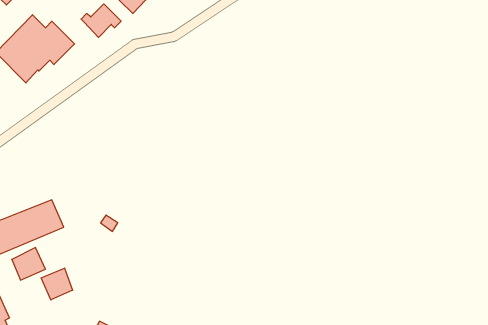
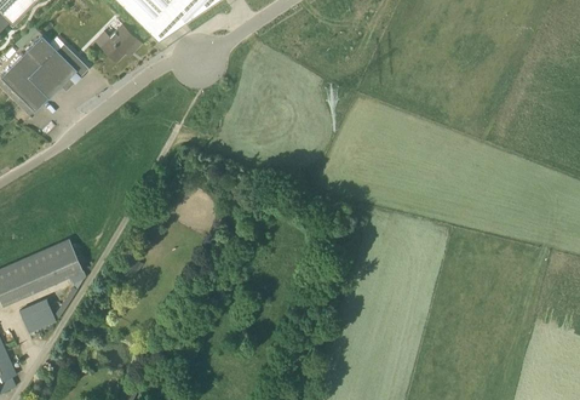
building: [41,268,73,300] -> none

